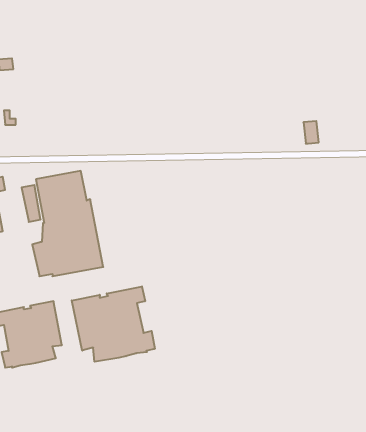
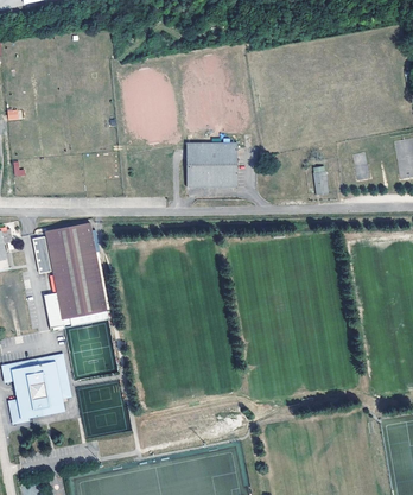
building: none -> [186,142,237,189]
building: [72,286,155,362] -> none

